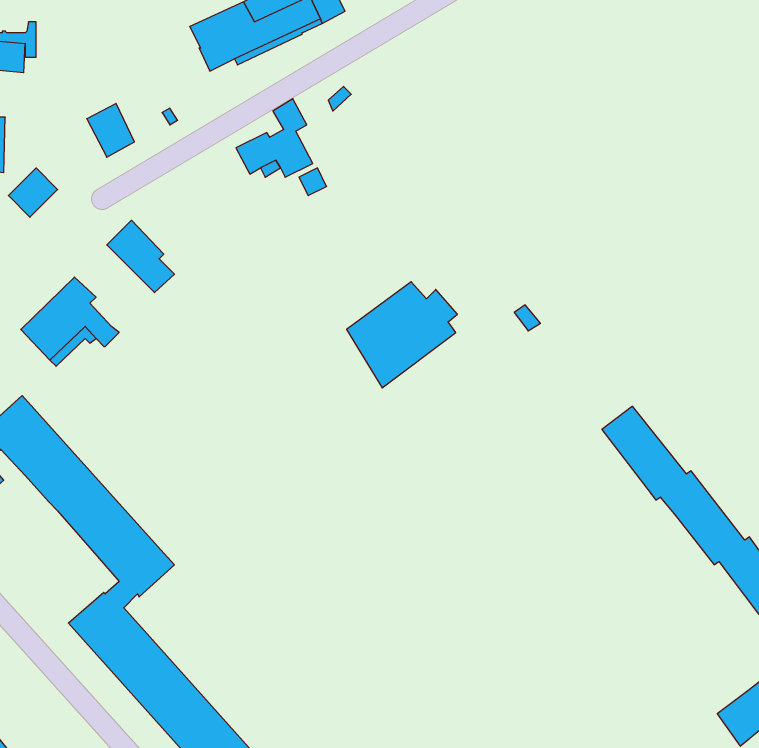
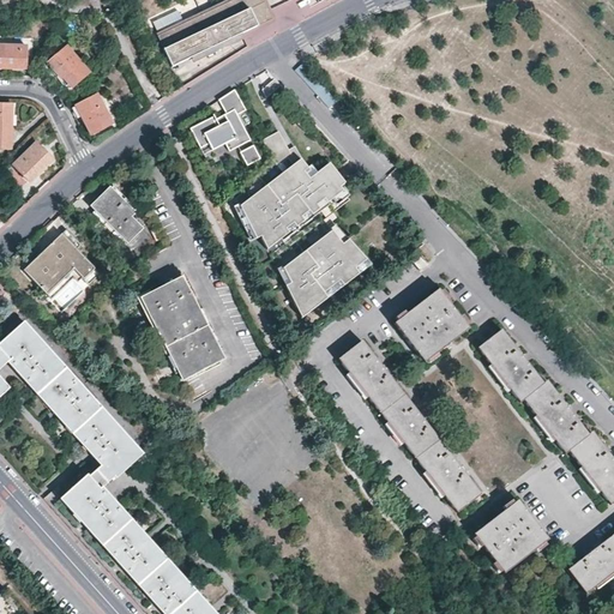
building: none -> [48,46,90,86]
building: none -> [236,131,347,252]
building: none -> [142,276,224,379]
building: none -> [395,290,469,362]
building: none -> [339,341,481,512]
building: none -> [474,500,548,572]

